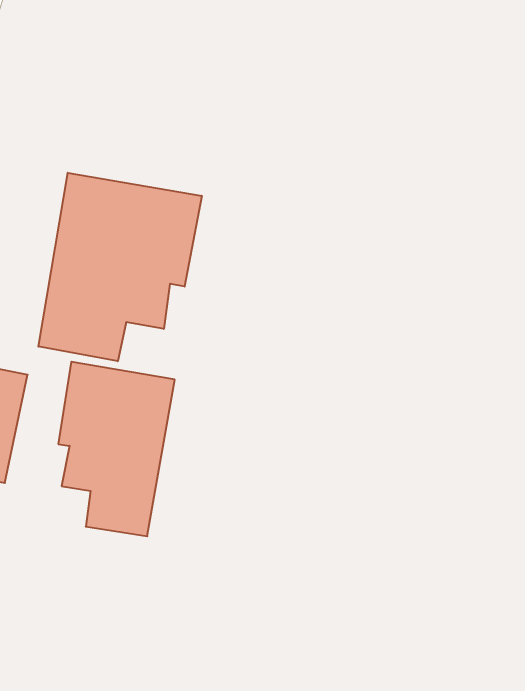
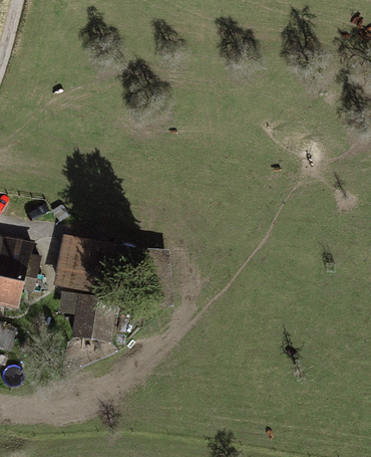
building: [38,173,202,361] -> none

